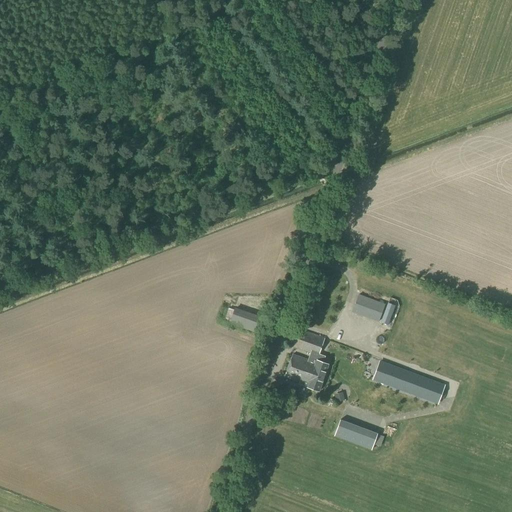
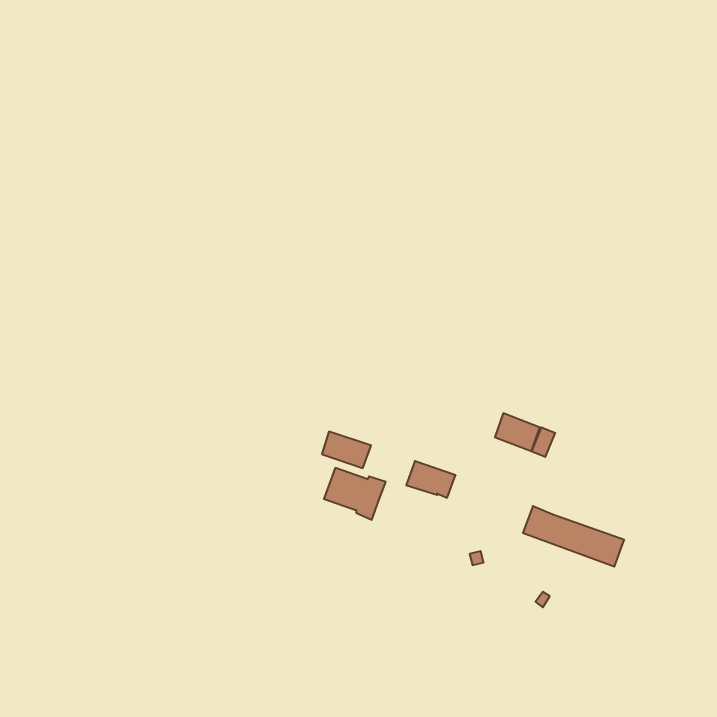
building: [285,354,329,391] -> [324,468,386,520]
building: [335,420,385,449] -> none

